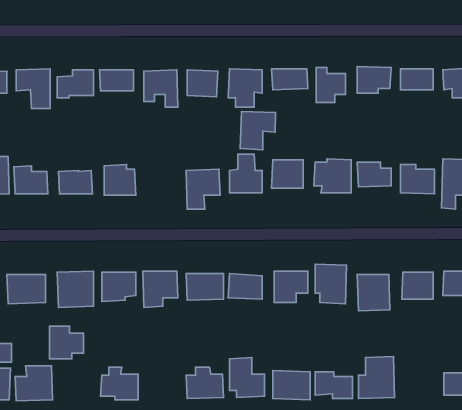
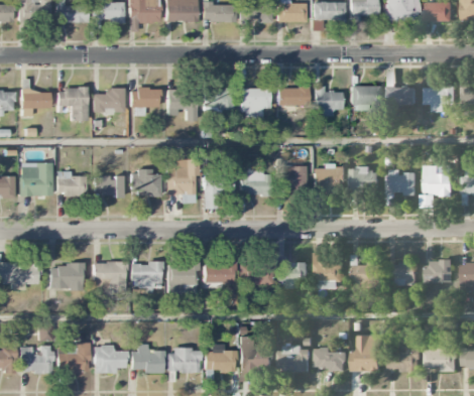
building: [240,111,275,150] -> none
building: none -> [166,159,197,204]
building: [50,326,84,359] -> [96,346,125,374]
building: none -> [166,350,200,373]
building: none -> [388,352,422,372]

